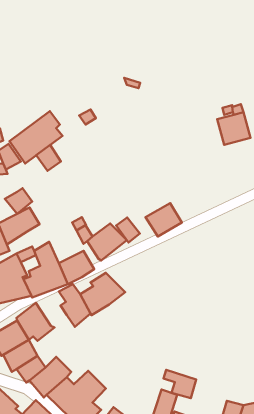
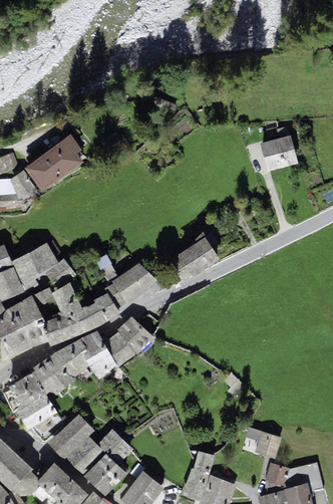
building: [36,145,61,171] -> none
building: [5,188,32,214] -> [43,258,74,287]
building: [116,217,140,242] -> none
building: none -> [53,338,88,377]
building: [163,370,196,398] -> [244,426,281,458]

